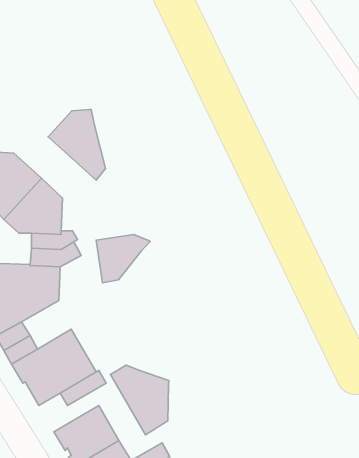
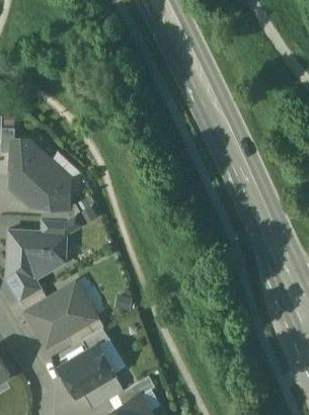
building: [48,110,106,180] -> none
building: [96,235,150,283] -> none
building: [110,365,169,435] -> none

